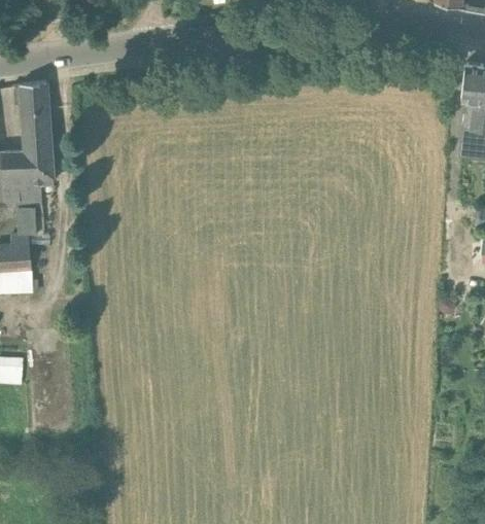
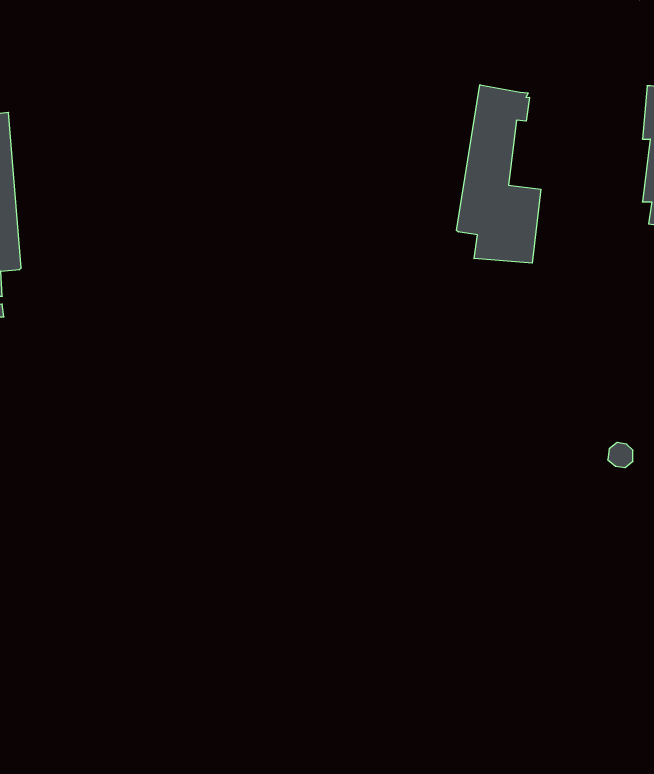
building: none -> [457,85,541,263]

